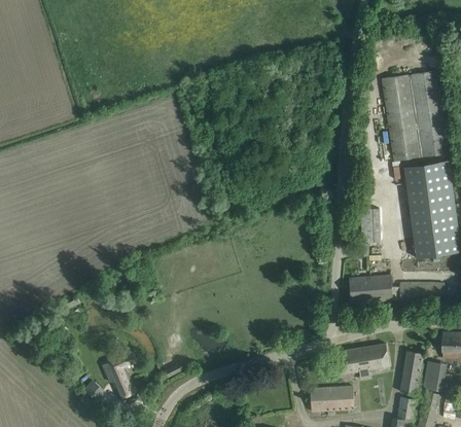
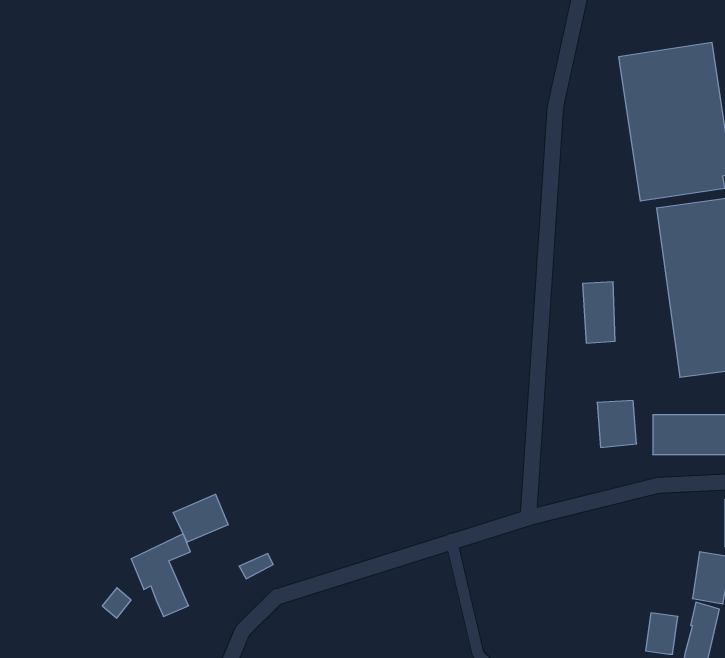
building: [350,276,371,304] -> none
building: none -> [173,494,228,542]
building: [338,343,390,373] -> none
building: [400,350,423,394] -> none
building: [310,386,354,411] -> none

